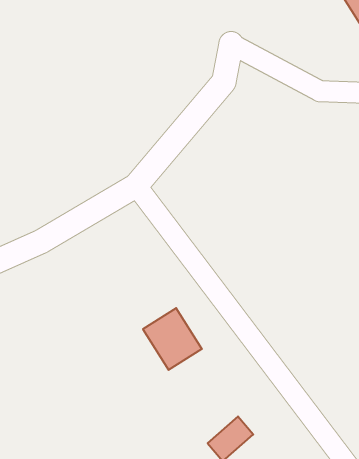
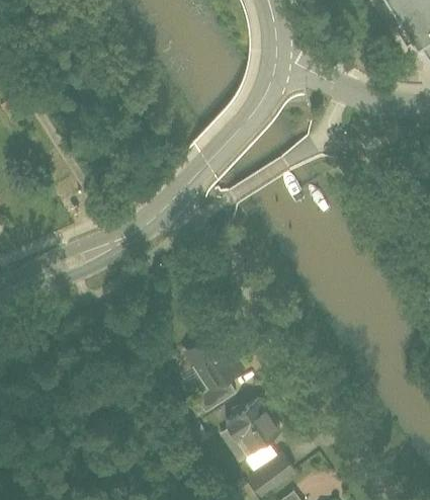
building: none -> [223,400,284,462]

